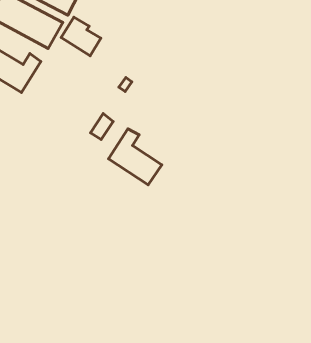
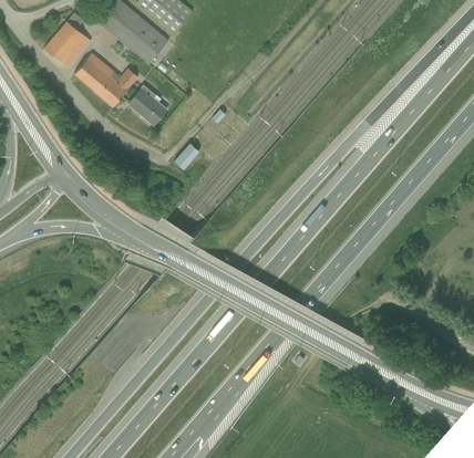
building: [61,17,101,56] -> [128,83,169,126]
building: [109,129,162,185] -> none

